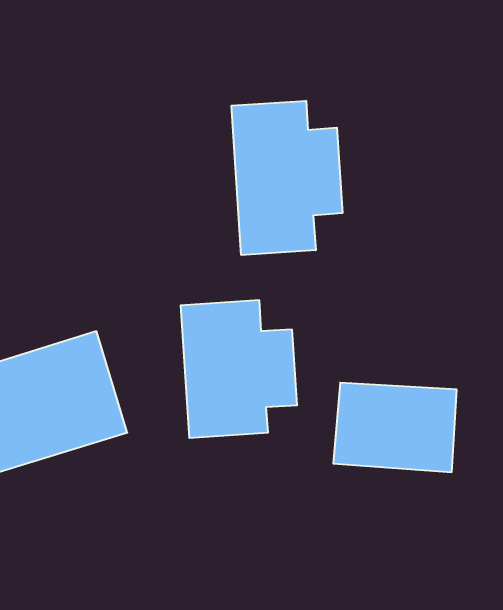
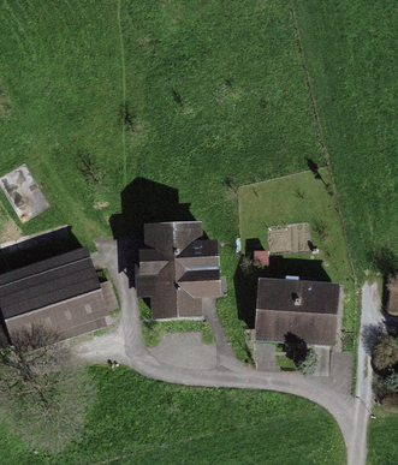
building: [232,101,342,255] -> none

